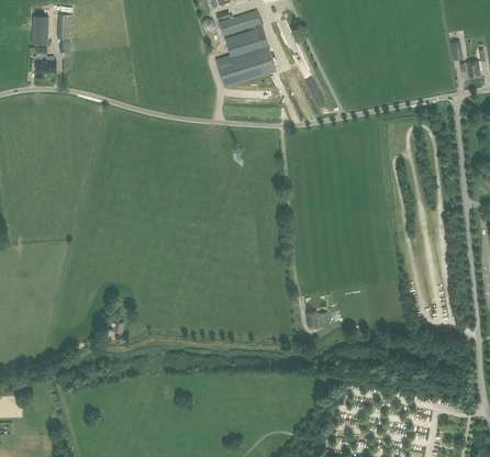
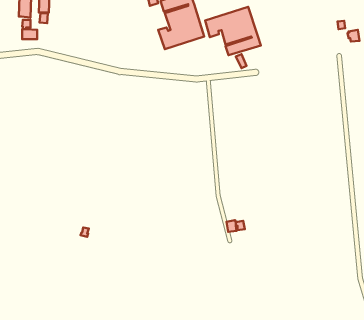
building: none -> [205,7,261,55]

